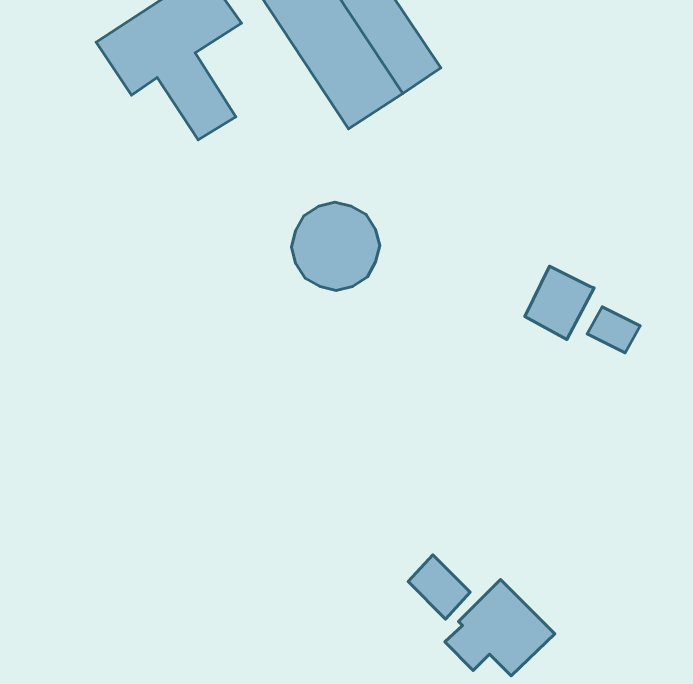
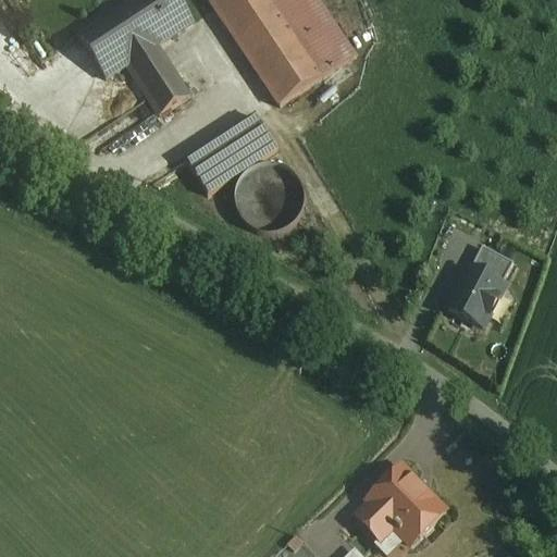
building: none -> [186,114,277,193]
building: [525,266,594,339] -> [449,267,505,325]
building: [408,555,470,619] -> none

